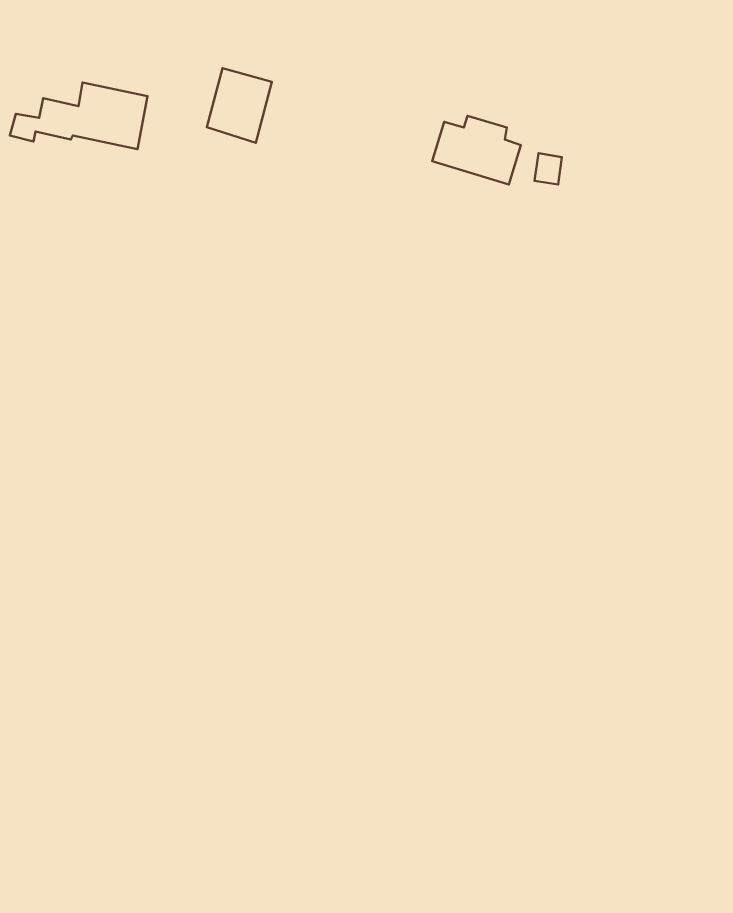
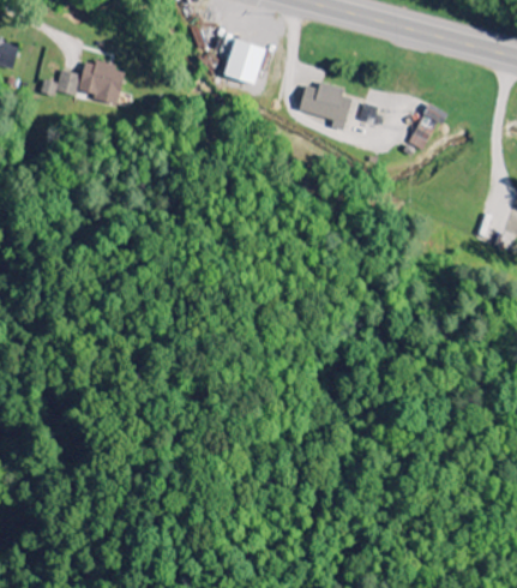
building: [207,68,272,143] -> [224,38,264,84]
building: none -> [408,103,445,150]

